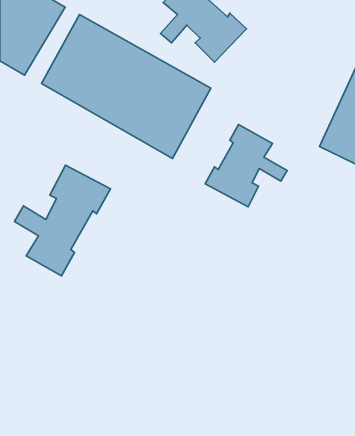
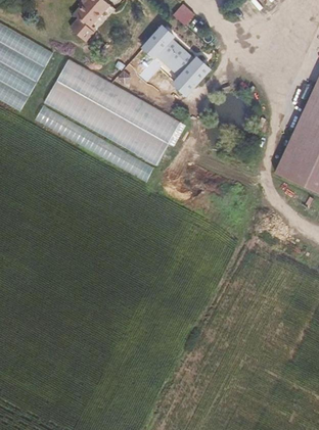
building: [205,124,287,207] -> none
building: [15,165,111,276] -> none

